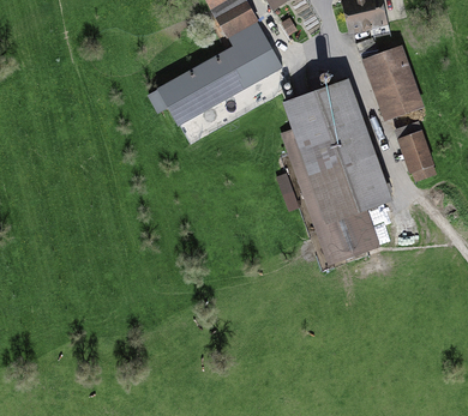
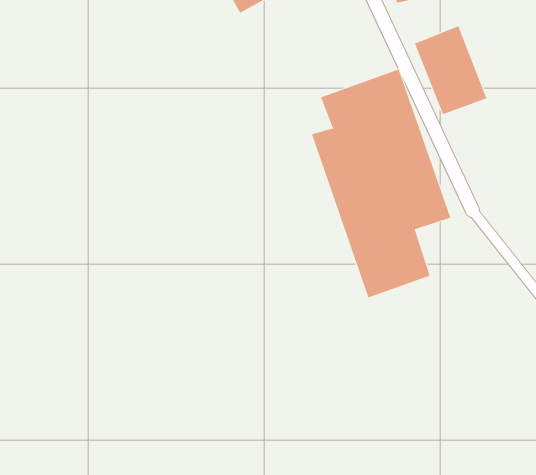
building: [156,32,275,122] -> none
building: [401,131,433,171] -> none

